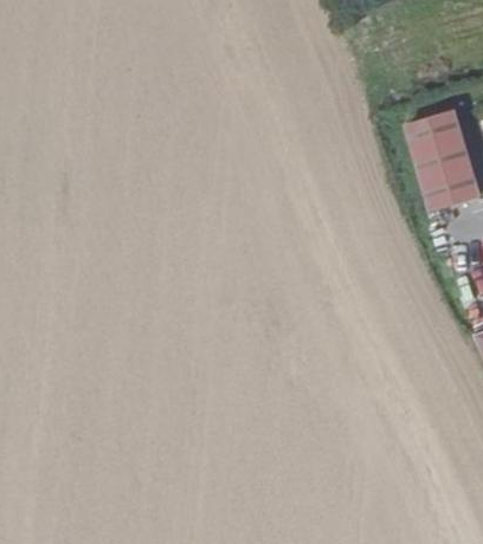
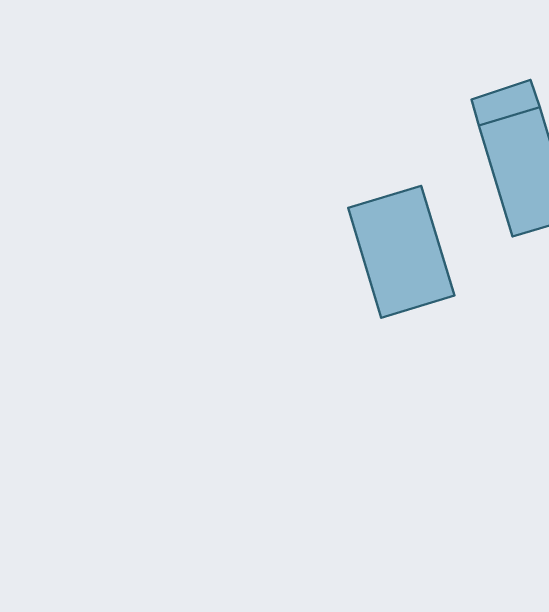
building: none -> [348,186,454,318]

